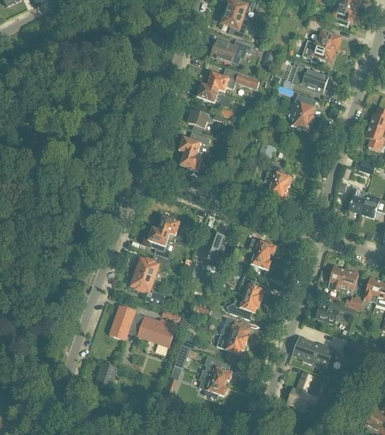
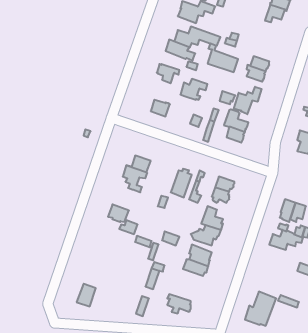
building: [292,58,327,91] -> [208,43,238,72]
building: [179,131,210,155] -> [180,79,207,100]
building: none -> [234,87,262,114]
building: [136,254,171,278] -> none
building: [110,304,177,346] -> none
building: [293,337,334,368] -> none
building: [201,356,232,382] -> none

